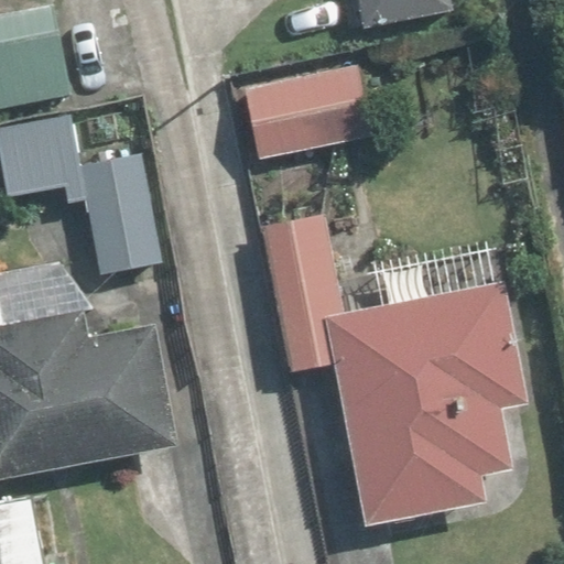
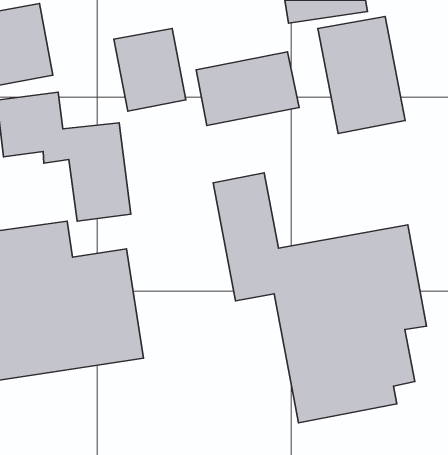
building: none -> [318,17,405,133]
building: none -> [114,28,186,111]

